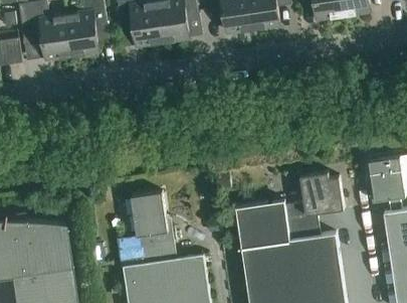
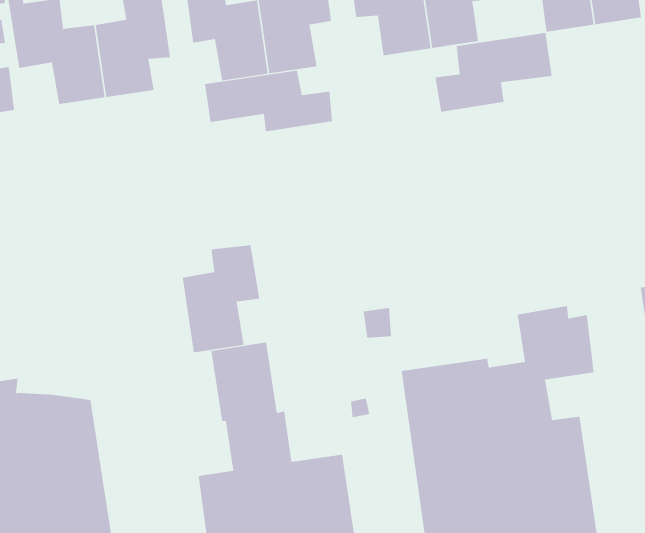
building: none -> [435,32,552,113]
building: none -> [204,70,333,132]
building: none -> [182,244,260,353]

